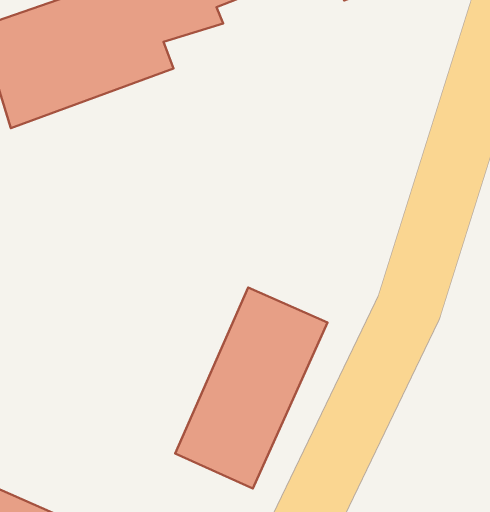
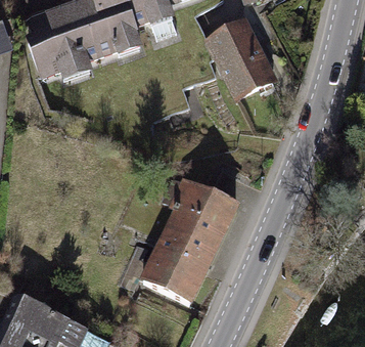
building: none -> [204,17,277,100]

